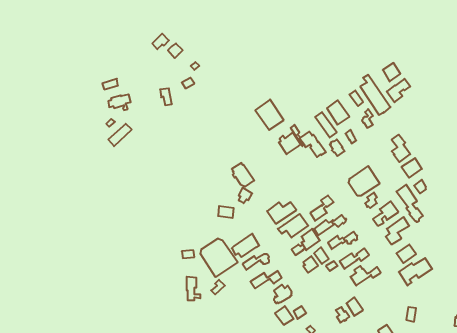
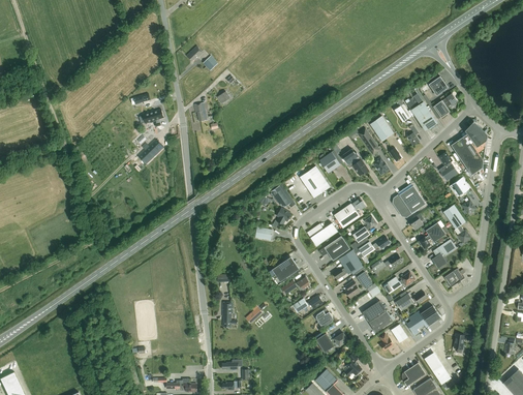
building: [255,99,284,130] -> [300,165,330,198]
building: none -> [451,122,487,175]
building: none -> [334,200,366,229]
building: [201,238,238,277] -> none
building: [399,258,432,286] -> [405,306,440,335]
building: none -> [362,300,393,333]

